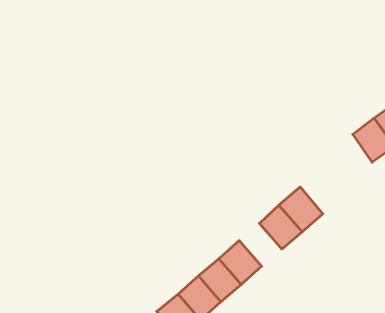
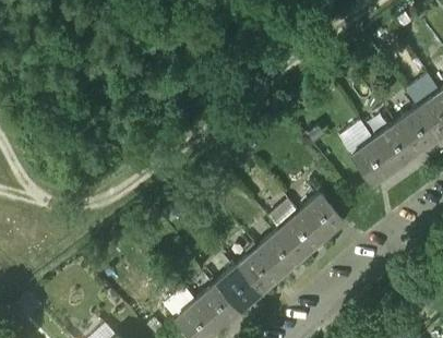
building: none -> [350,142,393,186]
building: none -> [258,232,301,276]

